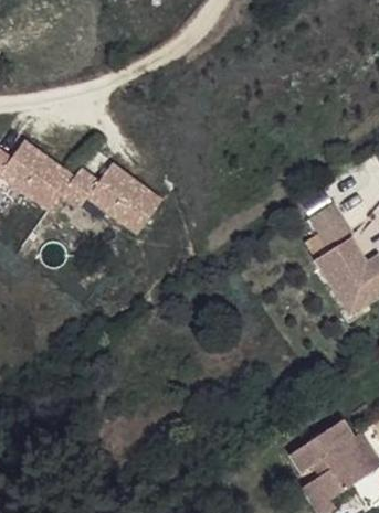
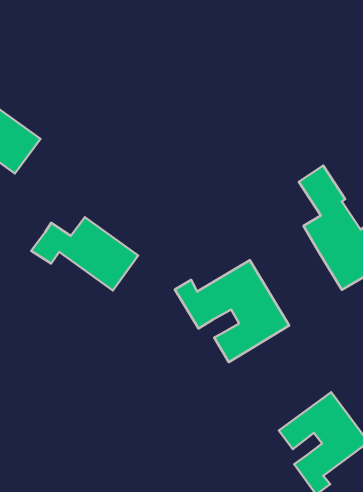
building: [51,160,152,229] -> [31,217,138,290]
building: none -> [175,260,289,362]

